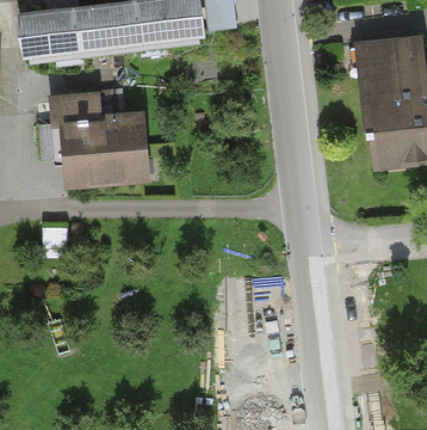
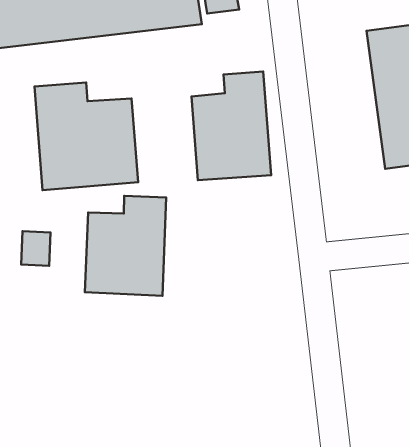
building: none -> [191,71,271,180]
building: none -> [85,196,166,296]

